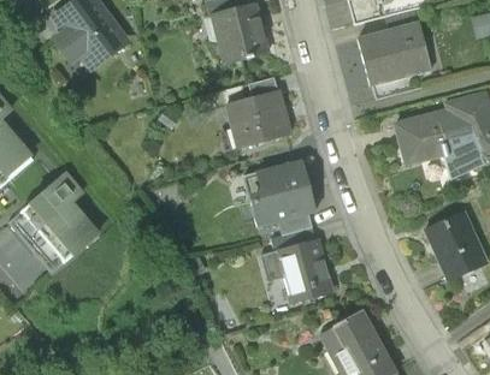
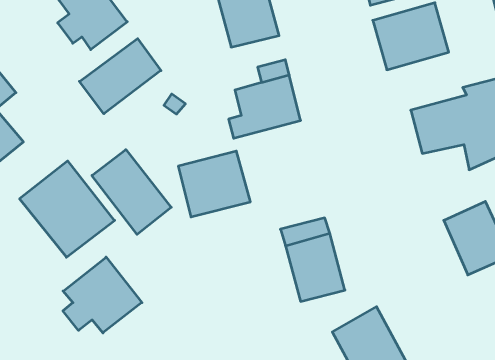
building: none -> [79,39,161,114]
building: none -> [92,150,171,234]
building: [244,162,313,225] -> [178,151,250,217]
building: none -> [63,257,142,333]

